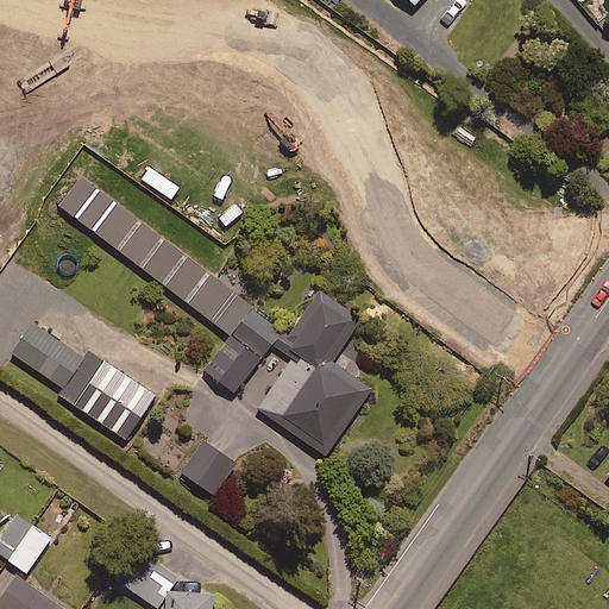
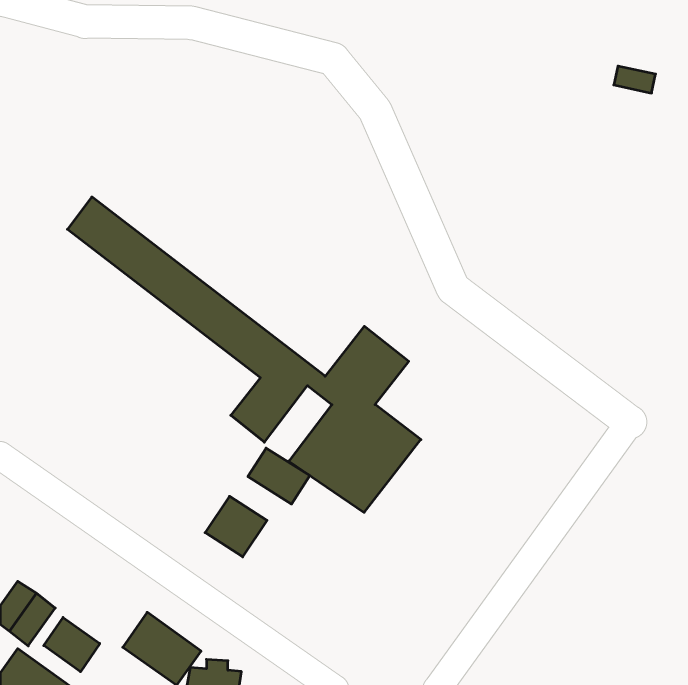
building: [12,325,155,439] -> none
building: none -> [248,448,310,504]
building: none -> [44,617,100,672]

